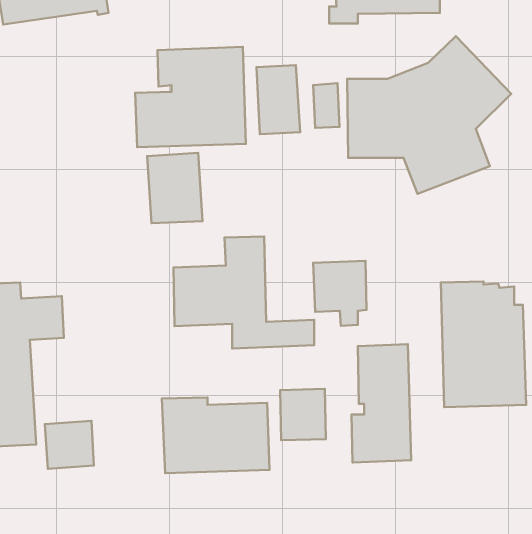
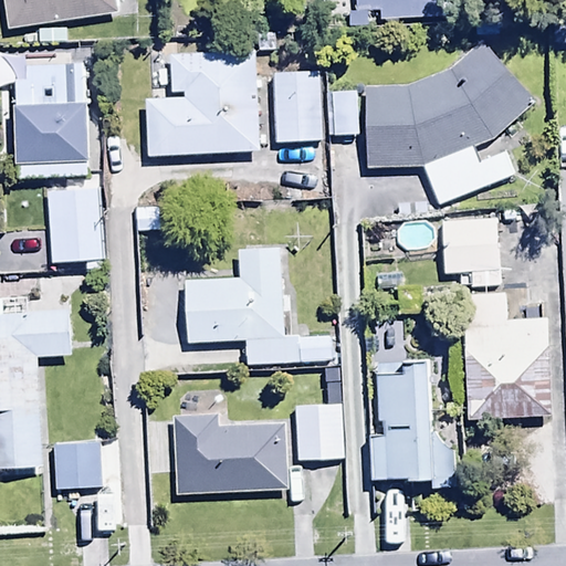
building: none -> [14,63,96,177]
building: [147,153,203,223] -> [46,188,104,261]
building: [313,261,366,326] -> [442,219,497,286]

